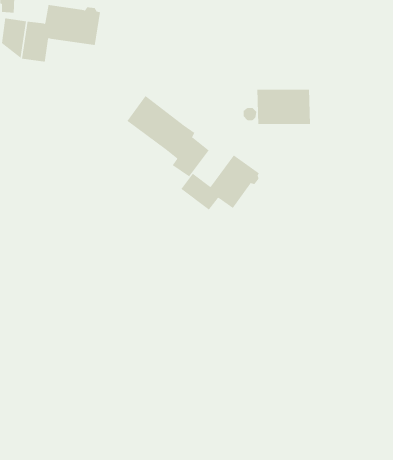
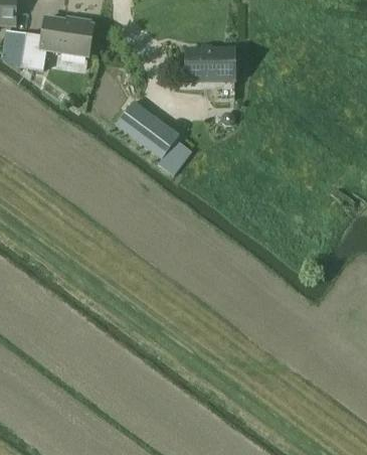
building: [257,89,311,124] -> [186,47,235,80]
building: [180,155,259,210] -> none

